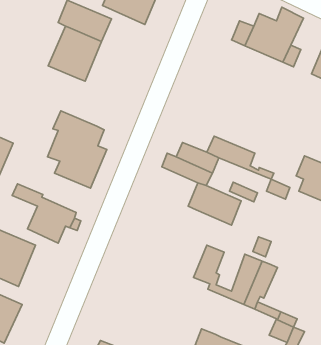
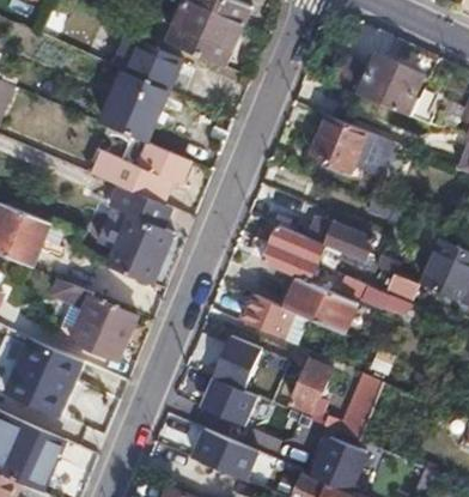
building: none -> [310,114,390,172]
building: none -> [93,138,189,201]
building: none -> [244,295,294,338]
building: none -> [200,331,264,423]
building: none -> [191,426,257,479]
building: none -> [319,434,361,486]

